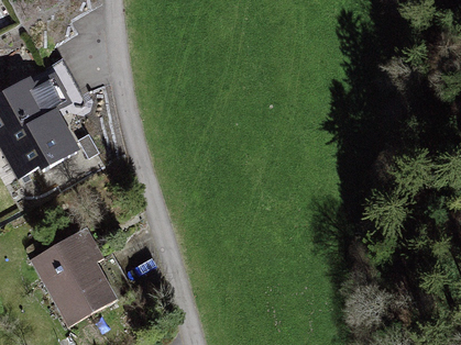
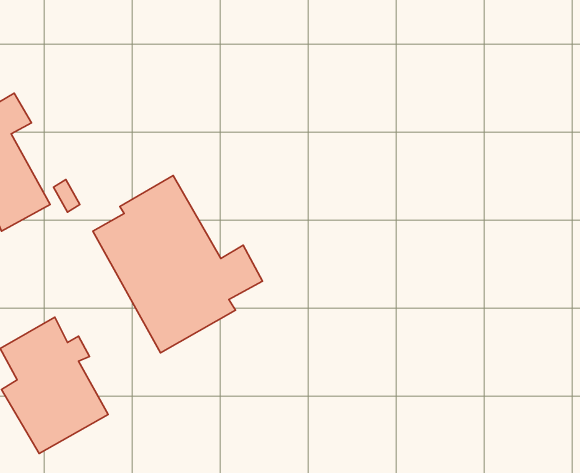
building: none -> [93,175,263,353]

